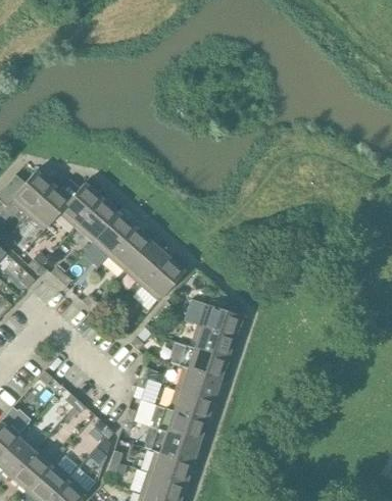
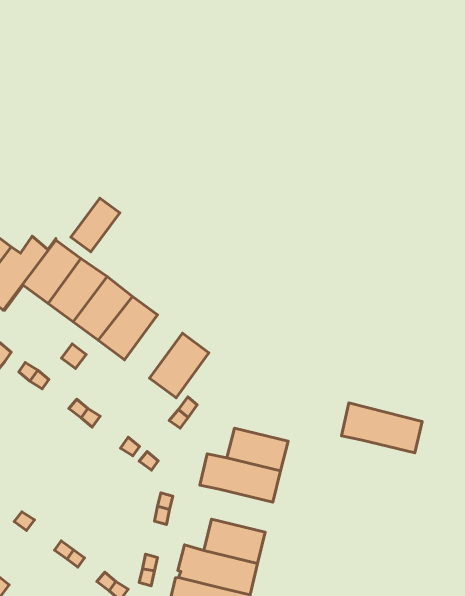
building: none -> [71,198,120,252]
building: [126,242,167,286] -> none
building: [185,299,242,338] -> [342,403,422,453]
building: [177,367,220,400] -> none

